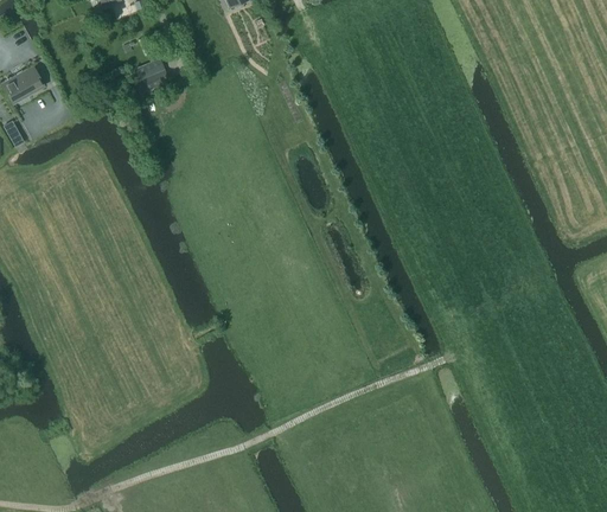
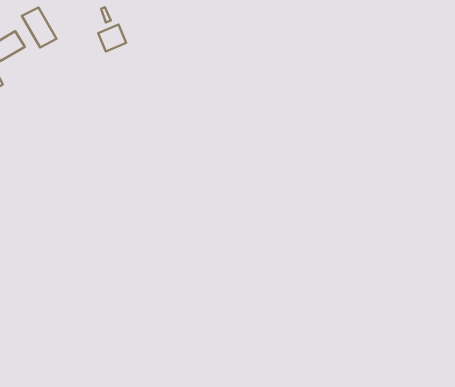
building: none -> [22,7,57,47]

